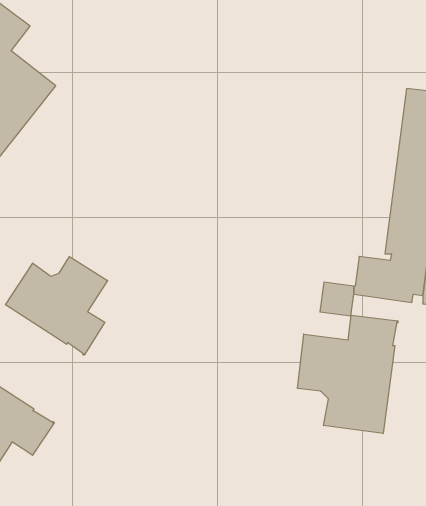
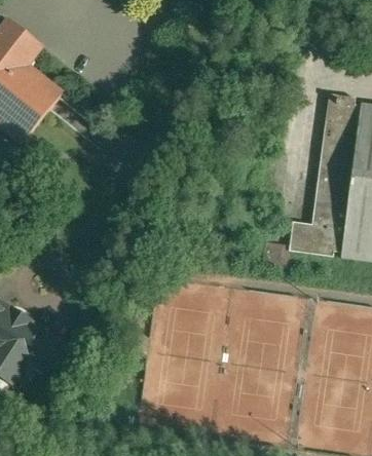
building: [6,257,108,355] -> none
building: [297,315,398,434] -> none

